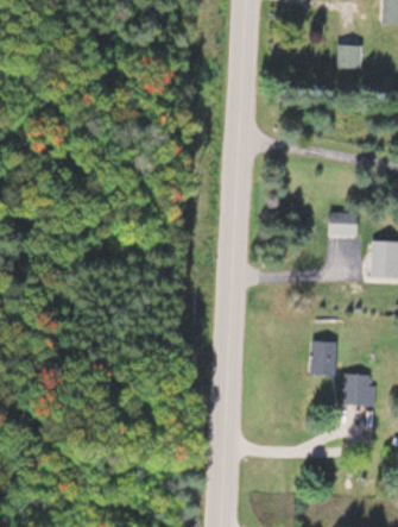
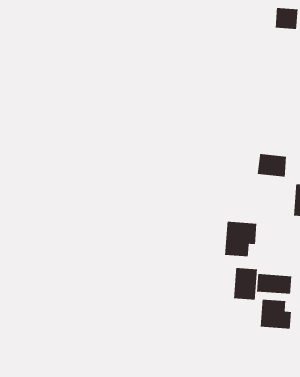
building: none -> [224,221,257,257]
building: none -> [256,273,292,295]

